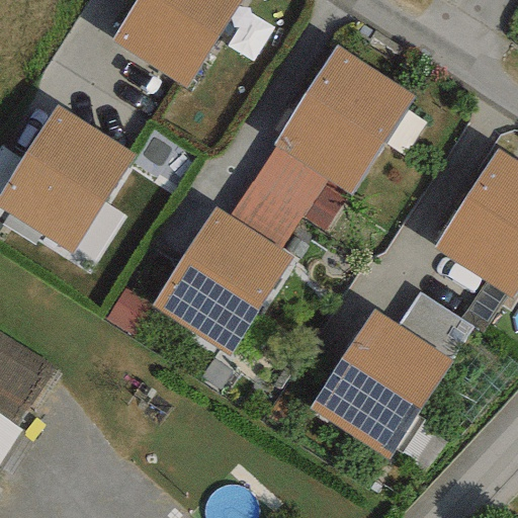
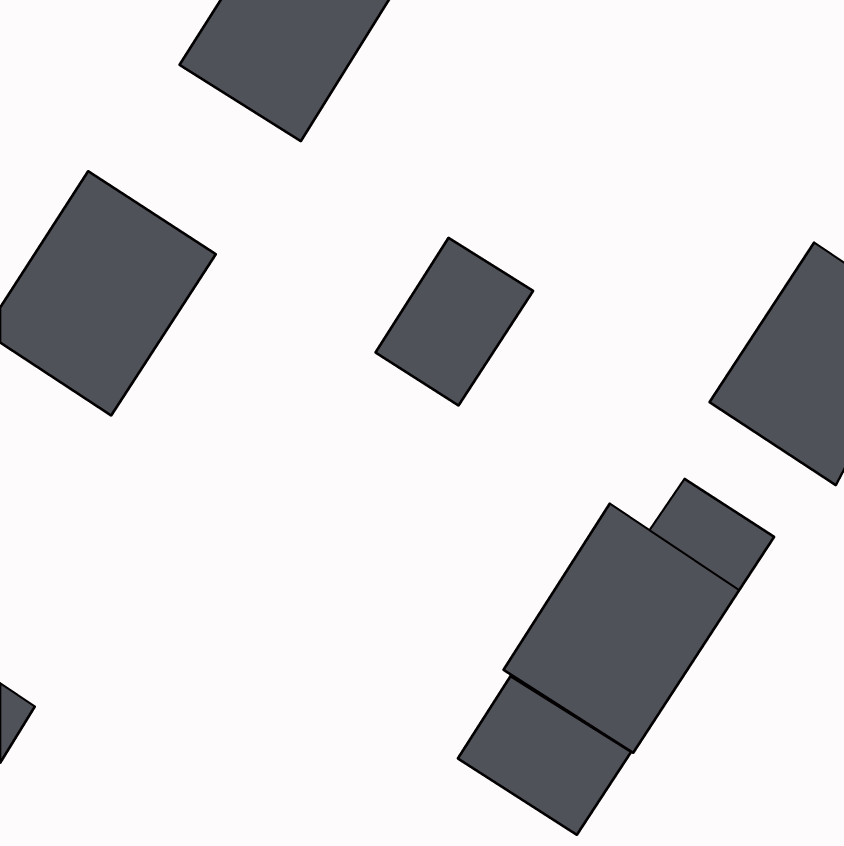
building: [274,45,416,192] -> none
building: [153,205,293,354] -> none
building: none -> [458,676,631,835]

